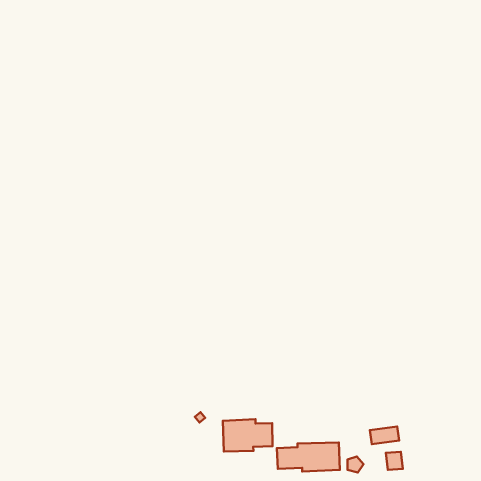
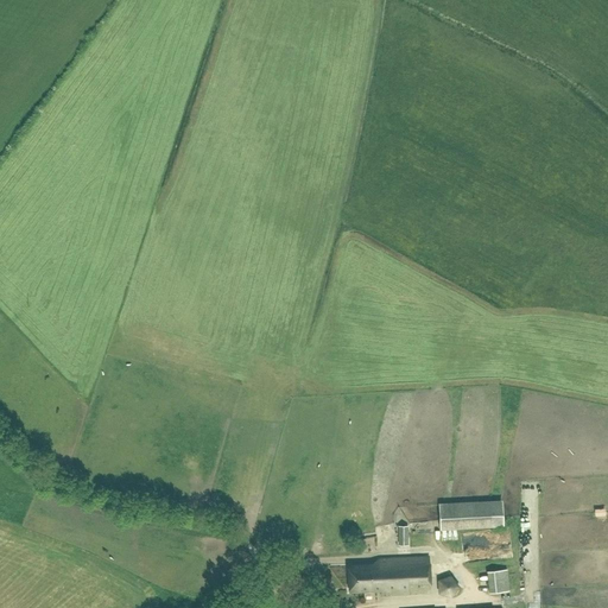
building: none -> [439,501,502,528]
building: [223,419,273,451] -> none

